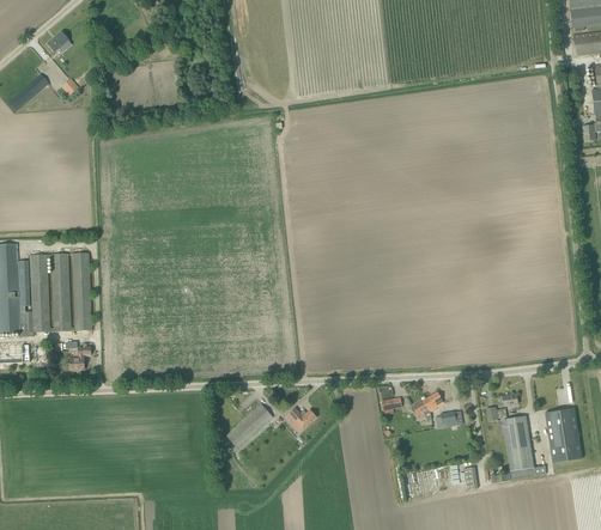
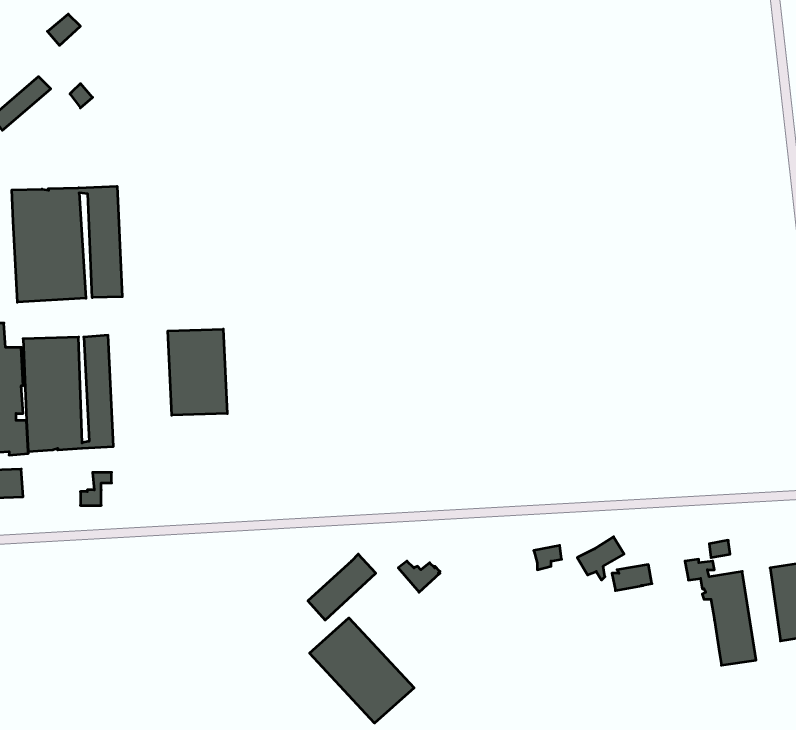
building: none -> [12,186,122,302]
building: none -> [168,329,227,415]
building: none -> [310,618,414,723]

